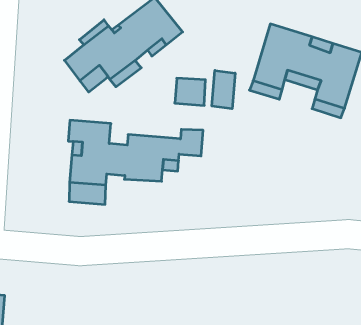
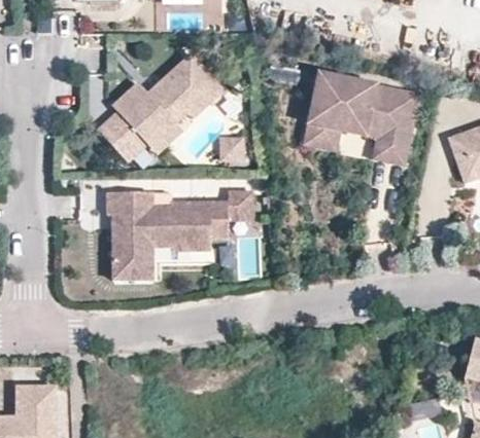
building: [212,70,235,109] -> none

